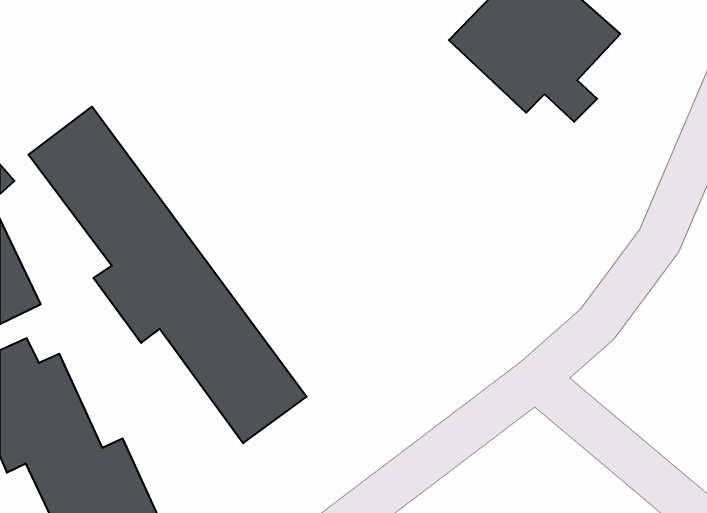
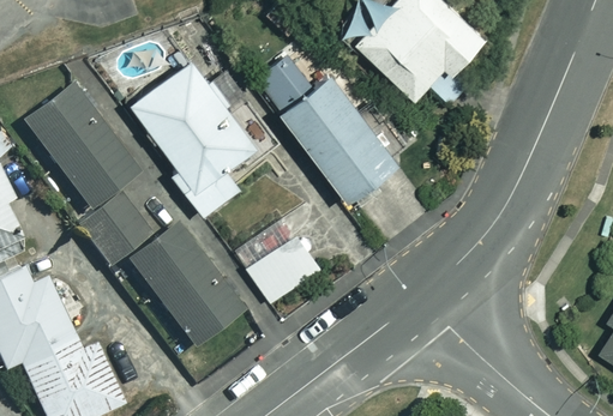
building: none -> [248,46,395,194]
building: none -> [133,59,259,215]
building: none -> [241,234,324,303]

